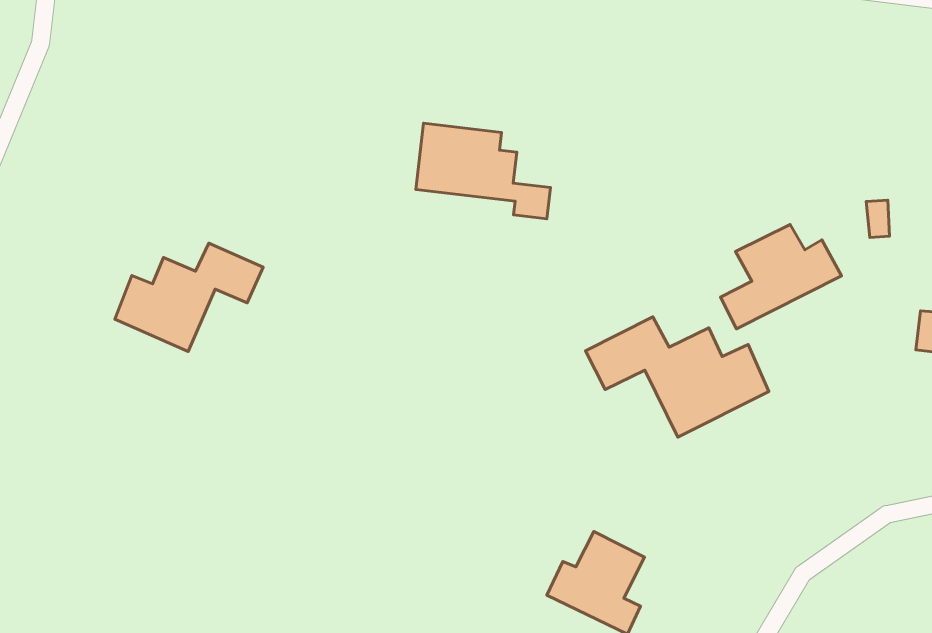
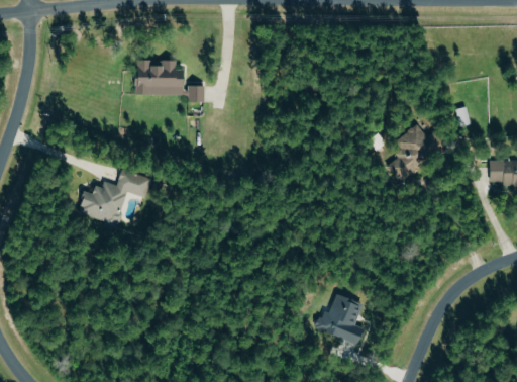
building: [416,123,550,219] -> [135,61,204,102]
building: [585,317,769,437] -> none

